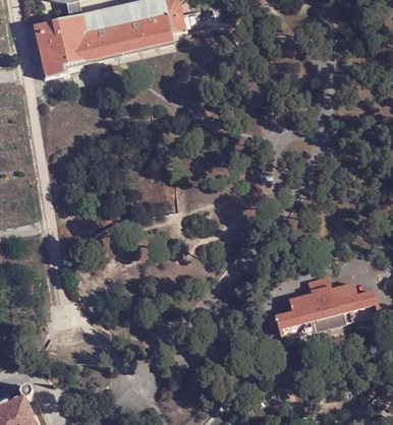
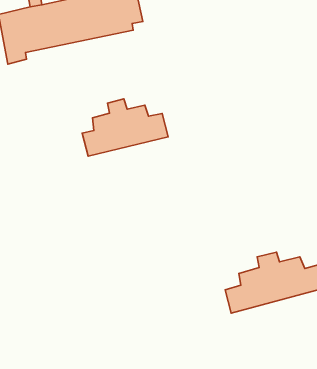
building: none -> [82,99,168,156]

